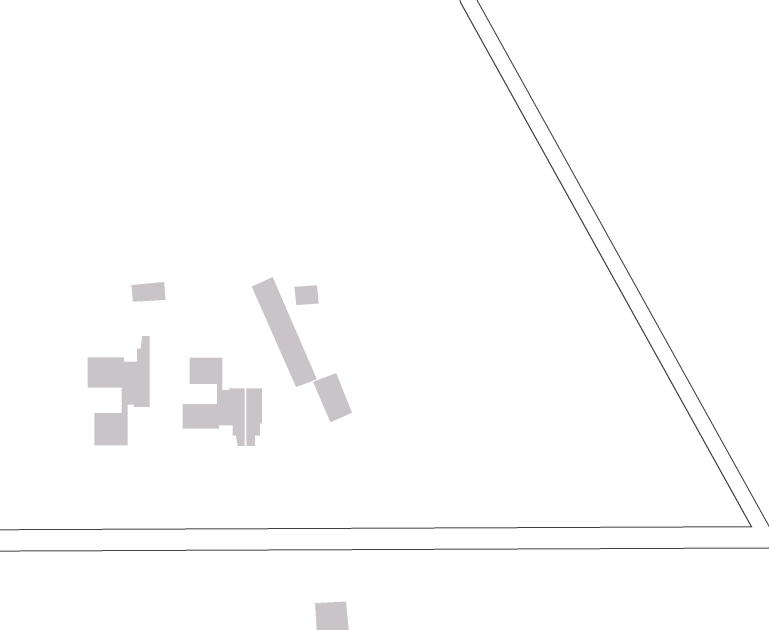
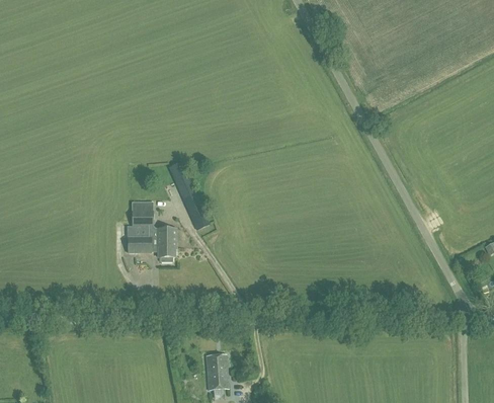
building: [87,335,150,446] -> none
building: [312,372,353,423] -> none

